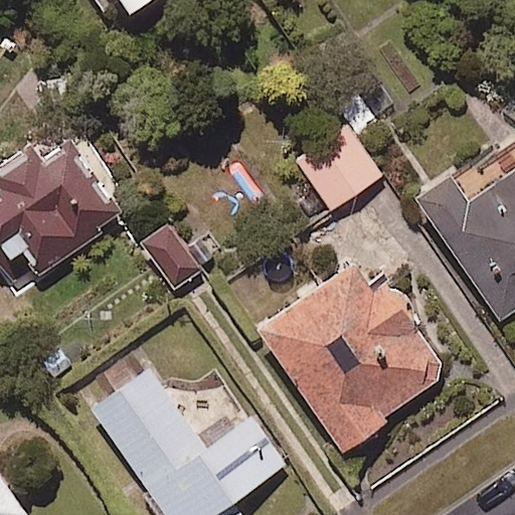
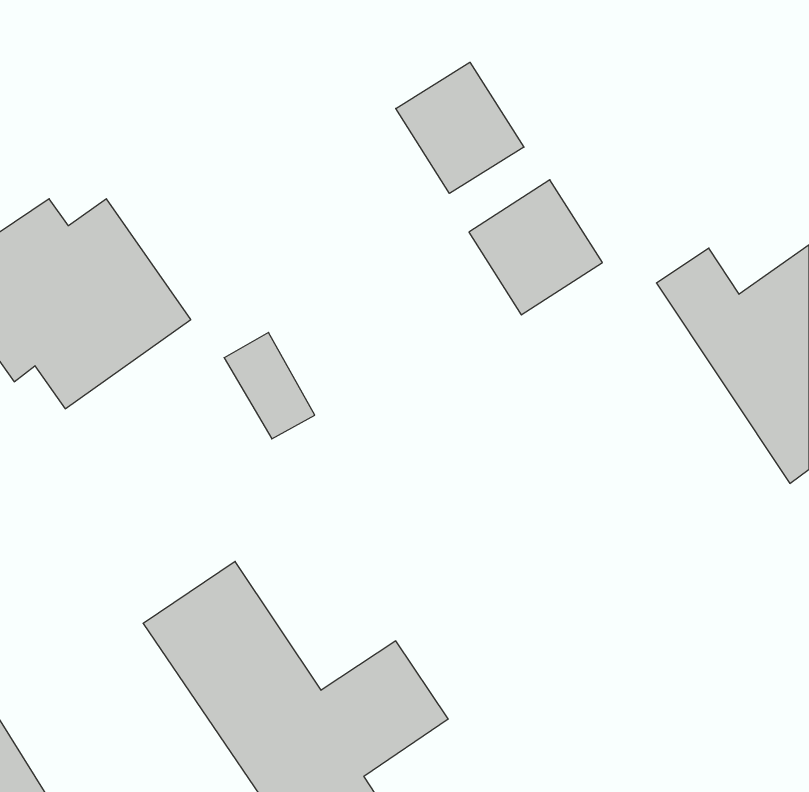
building: none -> [396,62,524,193]
building: [262,262,450,464] -> none

